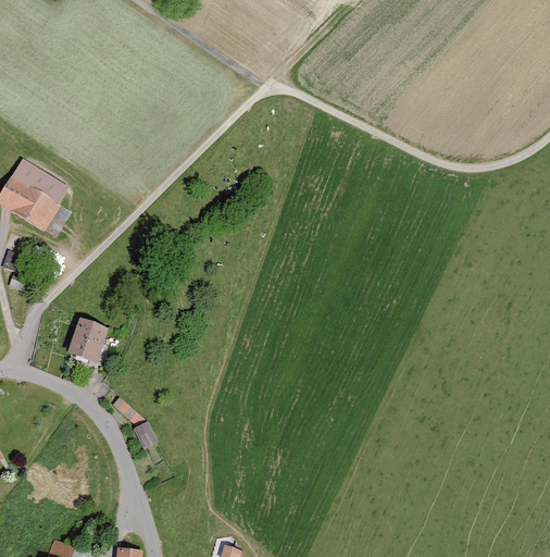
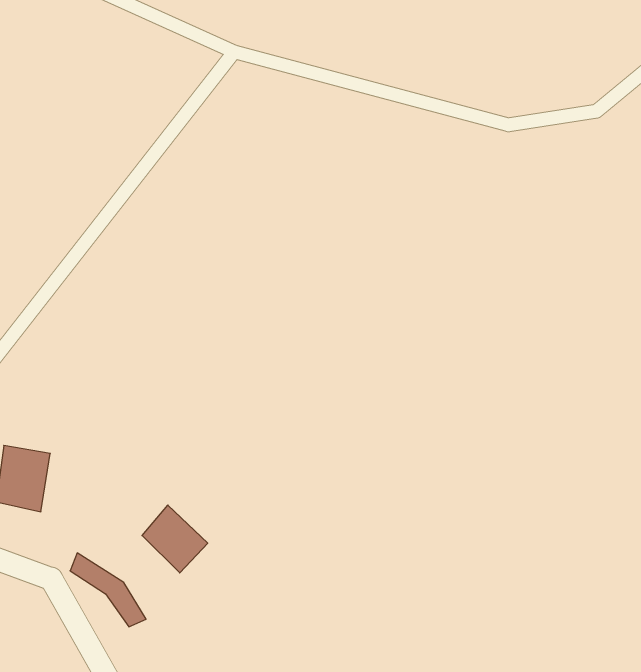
building: none -> [142,505,208,573]

